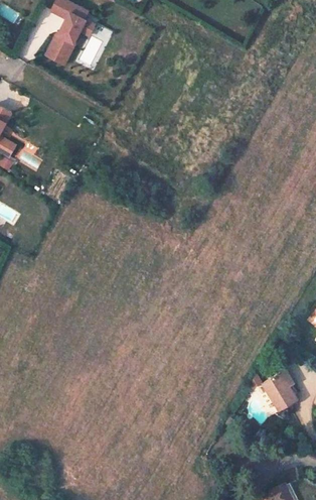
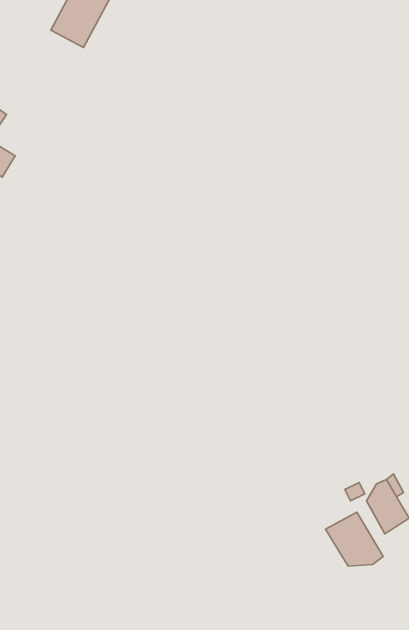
building: none -> [325,512,383,566]

